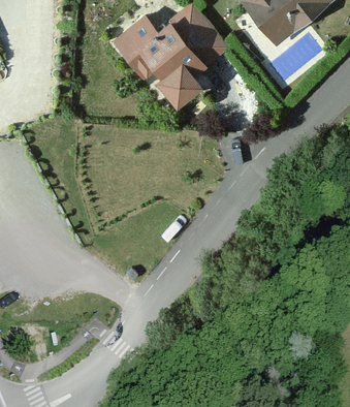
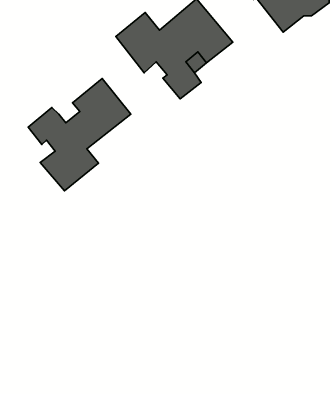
building: none -> [28,78,131,191]

